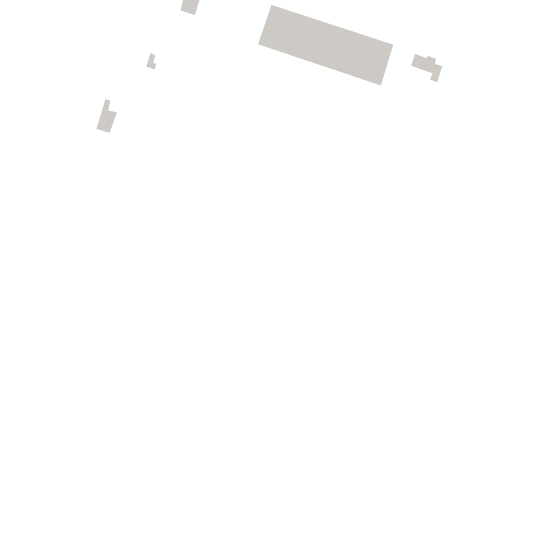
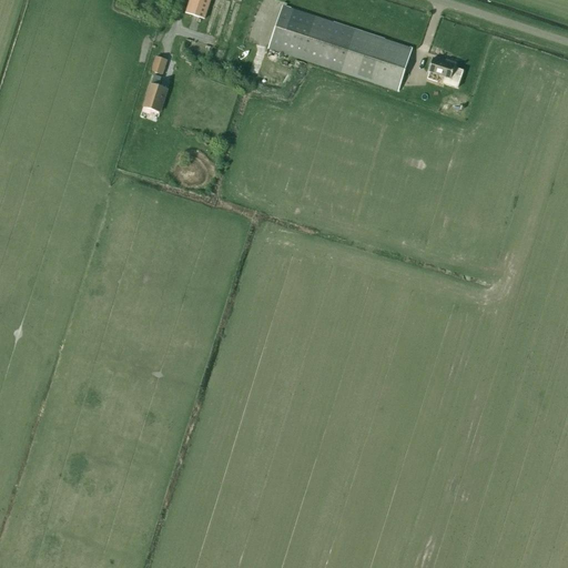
building: [95,98,118,134] -> [144,73,168,110]

